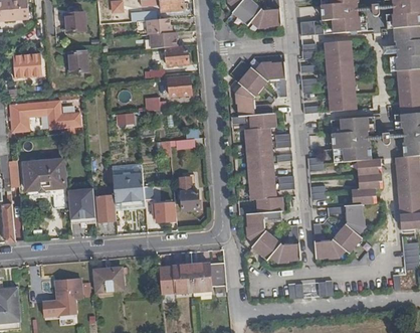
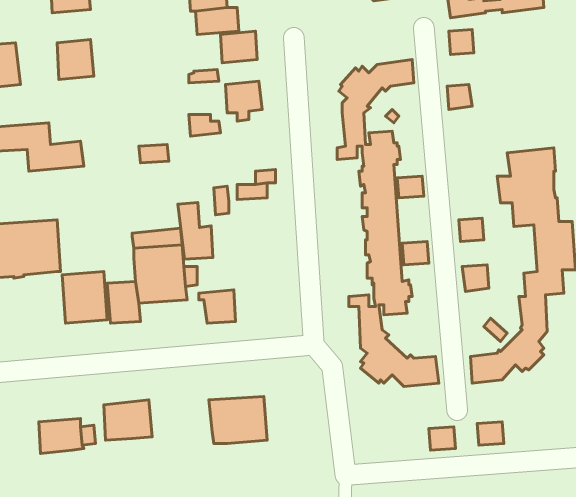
building: [324,40,356,110] -> none
building: [177,175,198,209] -> [178,202,213,259]
building: [191,262,226,292] -> none
building: [42,297,76,315] -> none

